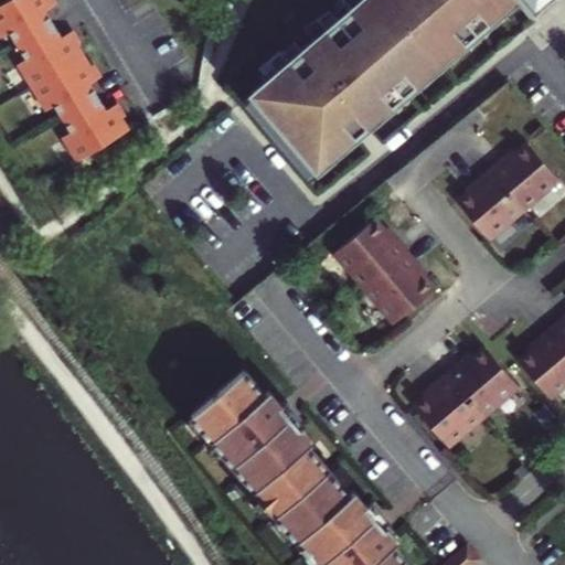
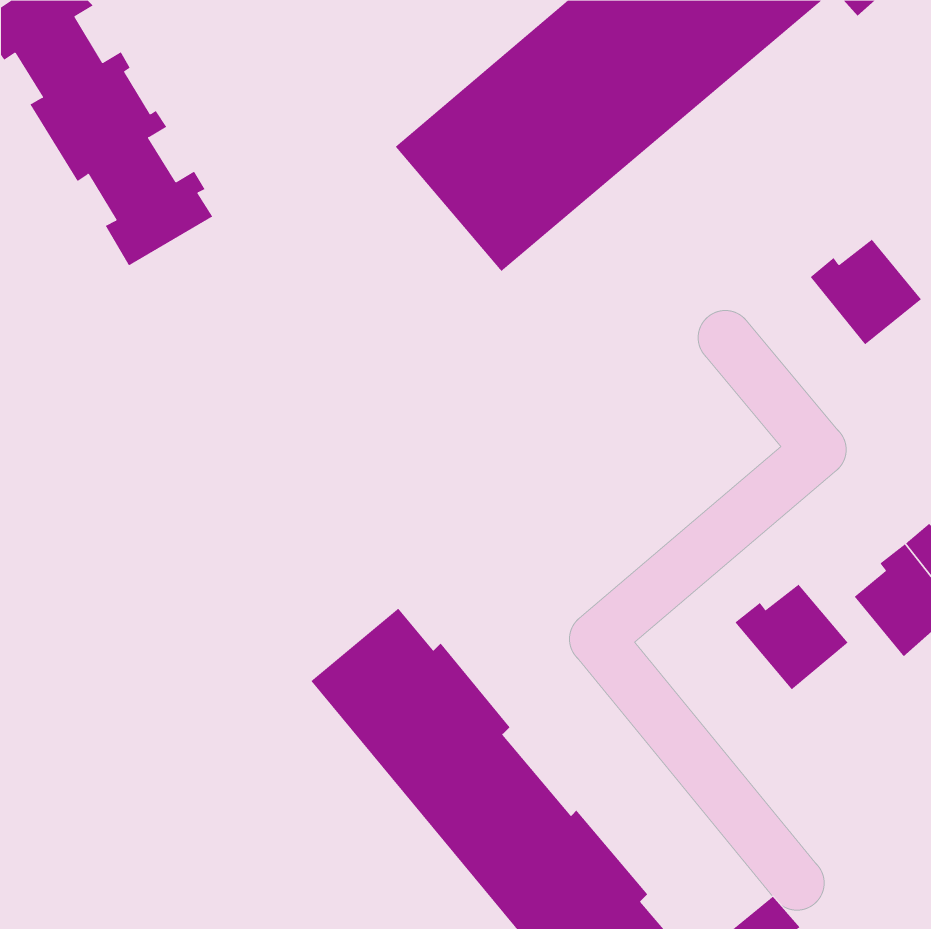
building: [460,172,524,241] -> none
building: [338,223,426,320] -> none
building: [416,380,480,448] -> none

